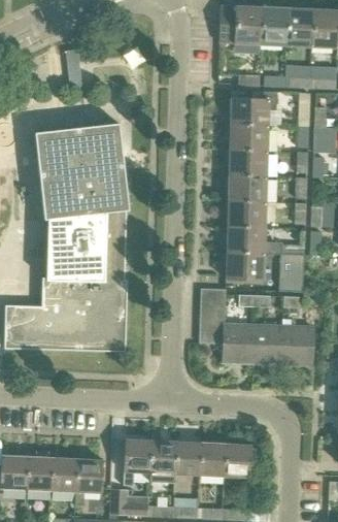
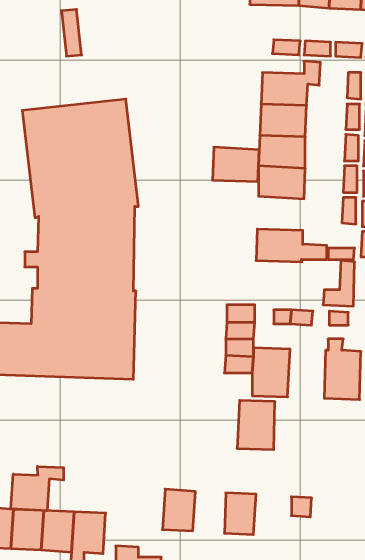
building: [226,201,264,229] -> [212,147,259,181]
building: [224,254,262,281] -> none
building: [250,326,281,366] -> [237,400,275,450]
building: none -> [11,466,64,511]
building: [124,439,150,487] -> none
building: [173,443,200,477] -> none
building: [223,445,249,479] -> none

